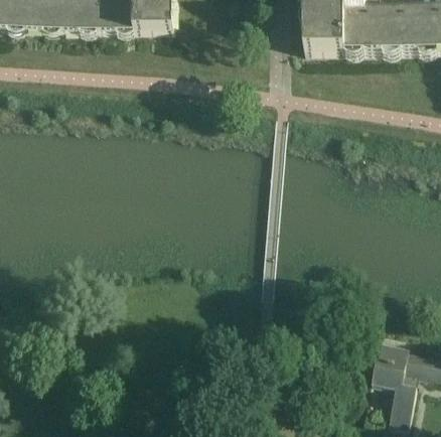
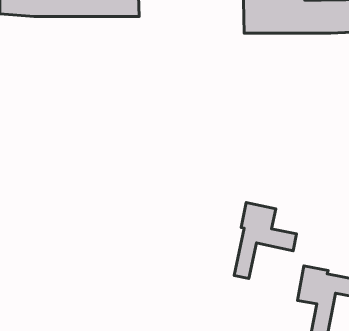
building: none -> [234,203,296,279]

